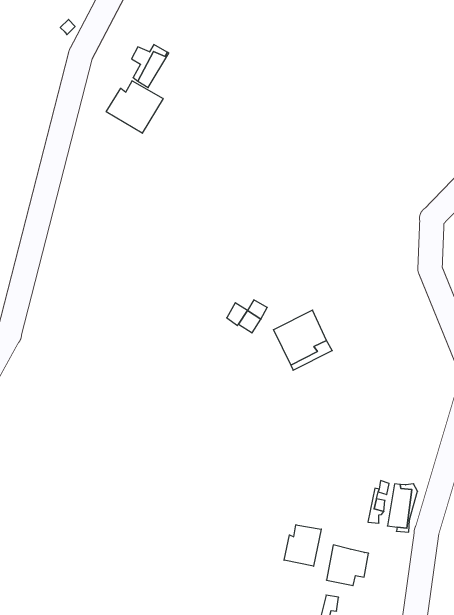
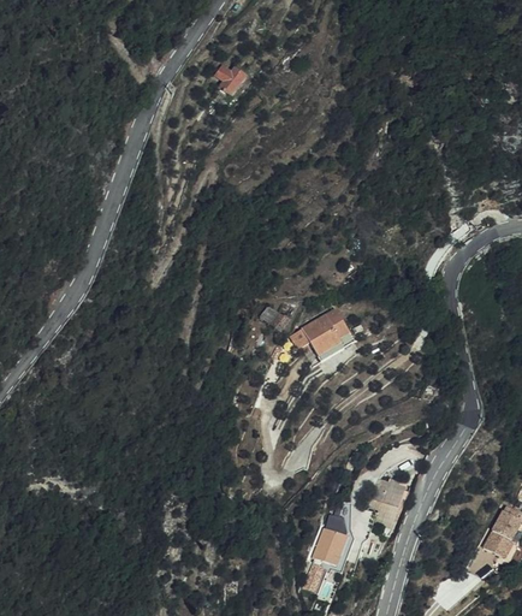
building: [106,81,163,133] -> none
building: [284,525,321,566] -> none

